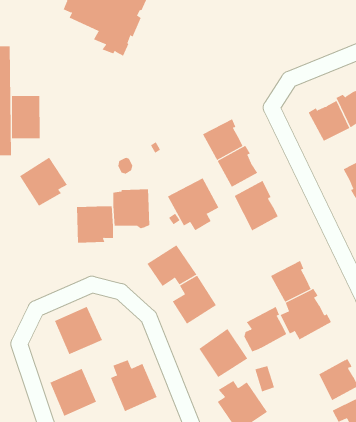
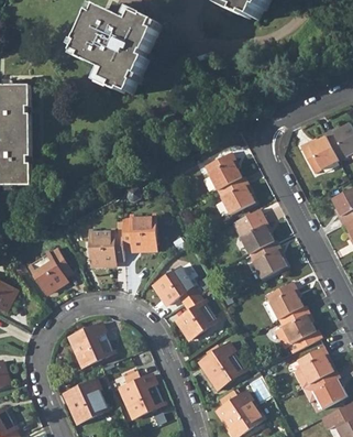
building: [12,95,40,139] -> none
building: [19,157,68,207] -> [29,247,73,292]
building: [167,177,219,231] -> none
building: none -> [249,240,286,278]
building: [243,306,287,352] -> [294,346,333,387]

